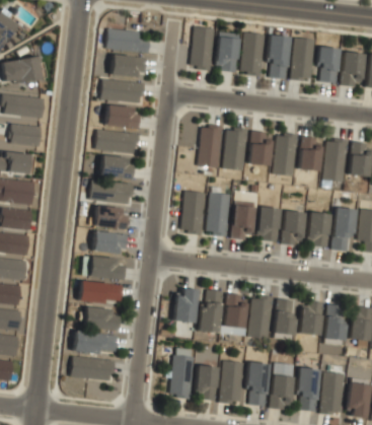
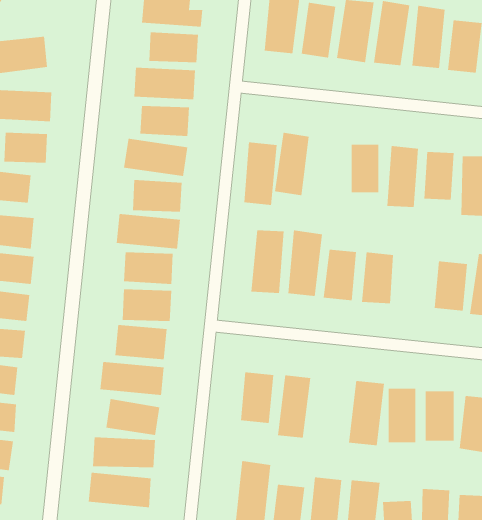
building: [224,127,247,170] -> [244,142,278,205]
building: [282,210,305,245] -> none
building: [225,293,247,328] -> none

